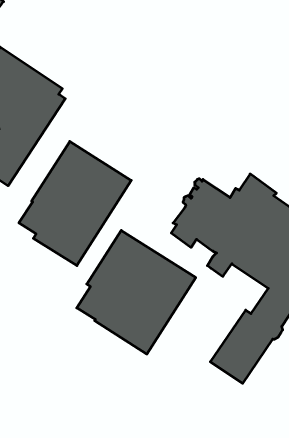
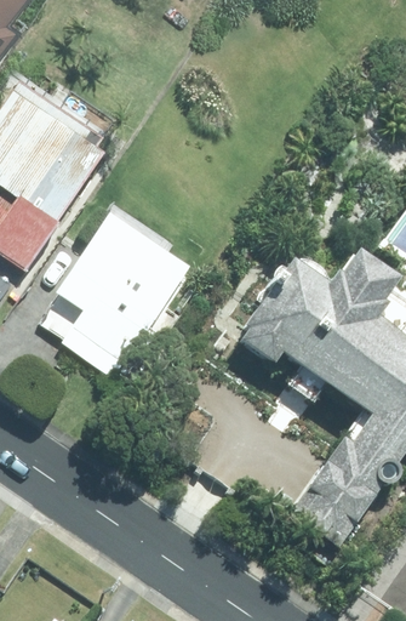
building: [77,230,196,354] -> none

